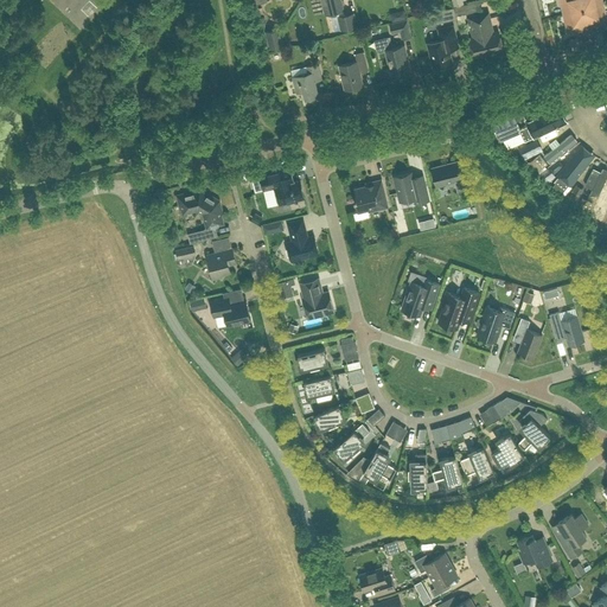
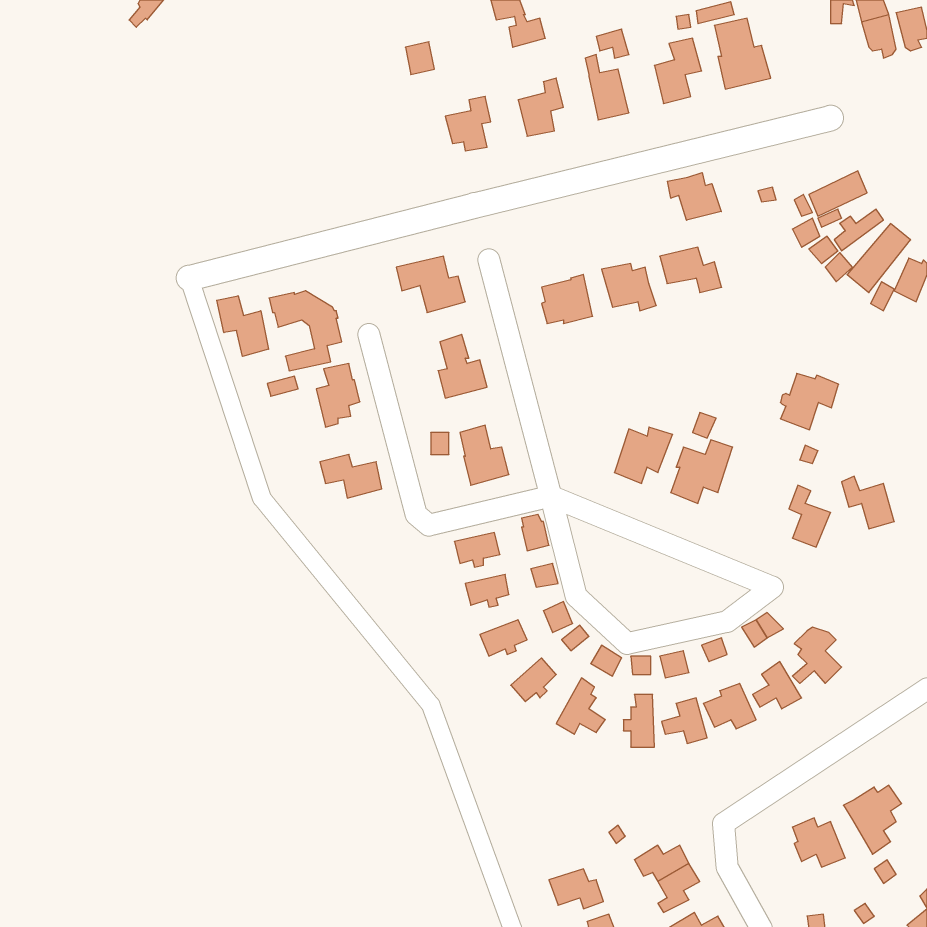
building: none -> [667,173,721,220]
building: none -> [217,296,269,356]
building: [475,306,513,343] -> [780,373,839,430]

